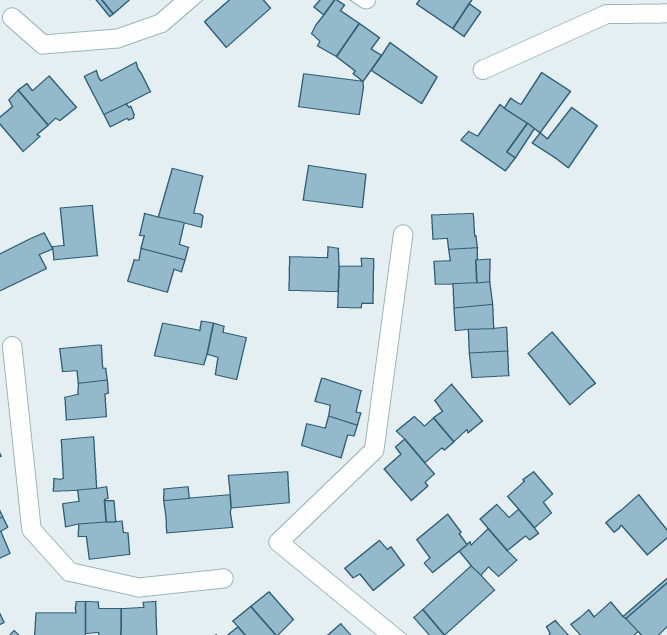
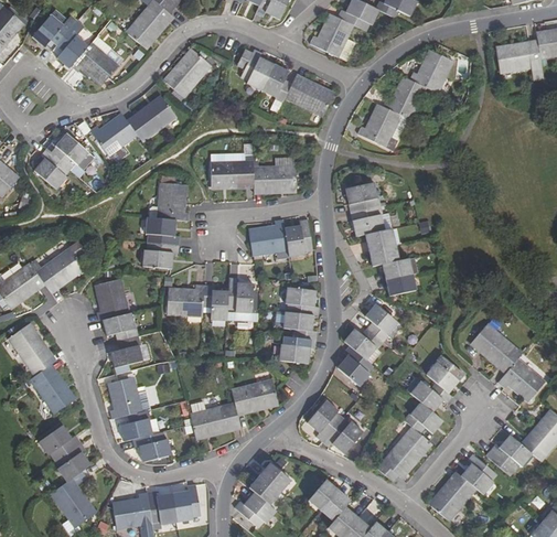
building: none -> [128,96,175,139]
building: [298,74,364,114] -> [211,162,254,186]
building: [532,108,597,168] -> [409,51,452,93]
building: [53,205,98,260] -> [96,279,128,321]
building: none -> [228,276,254,311]
building: [528,332,595,405] -> [472,323,522,372]
building: none -> [286,287,321,316]
building: [417,514,467,572] -> [308,399,343,441]

